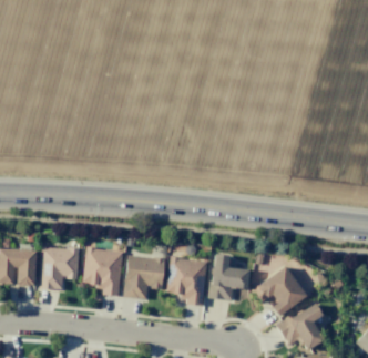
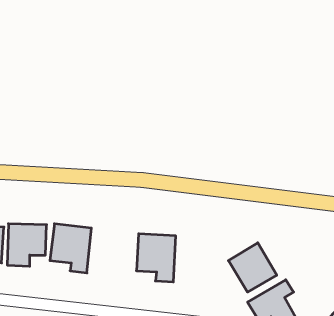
building: [211,254,249,299] -> none
building: [123,255,165,299] -> none

